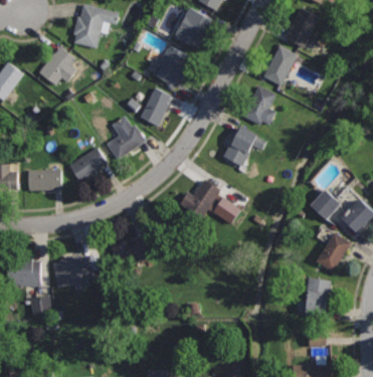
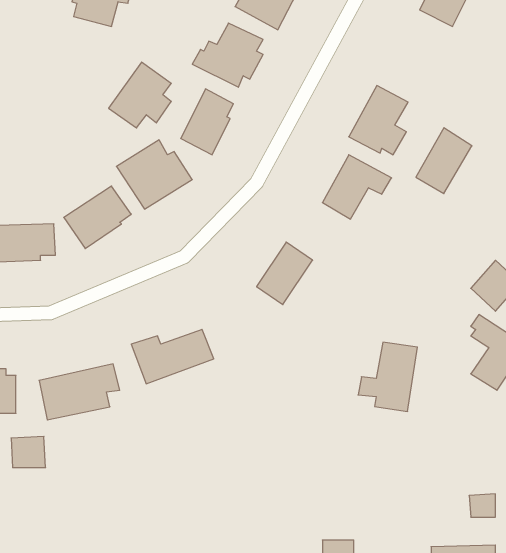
building: [38,45,76,85] -> [109,62,171,128]
building: [263,45,298,85] -> [416,128,472,194]
building: [219,199,247,226] -> none
building: [295,277,331,320] -> [358,342,417,411]

